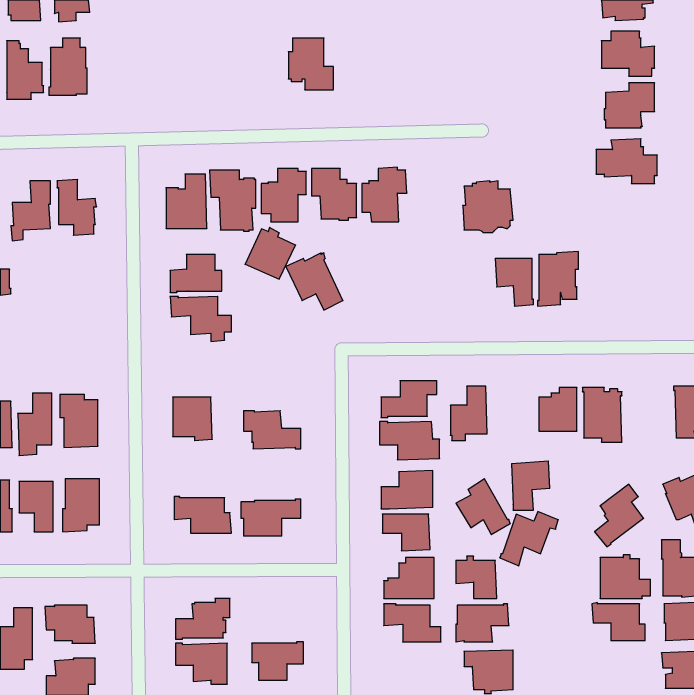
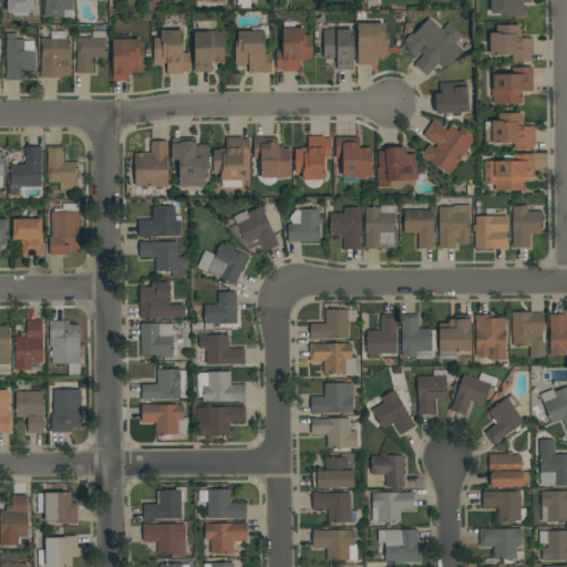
building: none -> [404,18,465,76]
building: none -> [359,23,388,65]
building: none -> [277,28,313,72]
building: none -> [324,28,354,70]
building: none -> [78,31,107,74]
building: none -> [154,31,190,74]
building: none -> [195,31,225,72]
building: none -> [113,35,144,81]
building: none -> [435,81,470,114]
building: none -> [422,120,474,175]
building: none -> [336,136,373,178]
building: none -> [485,154,535,190]
building: [245,227,296,279] -> [208,243,249,285]
building: none -> [365,205,398,249]
building: none -> [513,206,543,248]
building: none -> [331,207,361,250]
building: none -> [288,209,323,241]
building: none -> [50,213,80,256]
building: none -> [474,216,508,249]
building: none -> [13,219,44,256]
building: none -> [140,282,186,319]
building: none -> [205,292,238,327]
building: none -> [511,313,545,347]
building: none -> [401,315,435,360]
building: none -> [143,370,188,401]
building: none -> [197,372,246,402]
building: [500,512,558,566] -> [451,372,498,416]
building: none -> [199,489,247,519]
building: none -> [481,529,524,559]
building: none -> [313,530,358,560]

